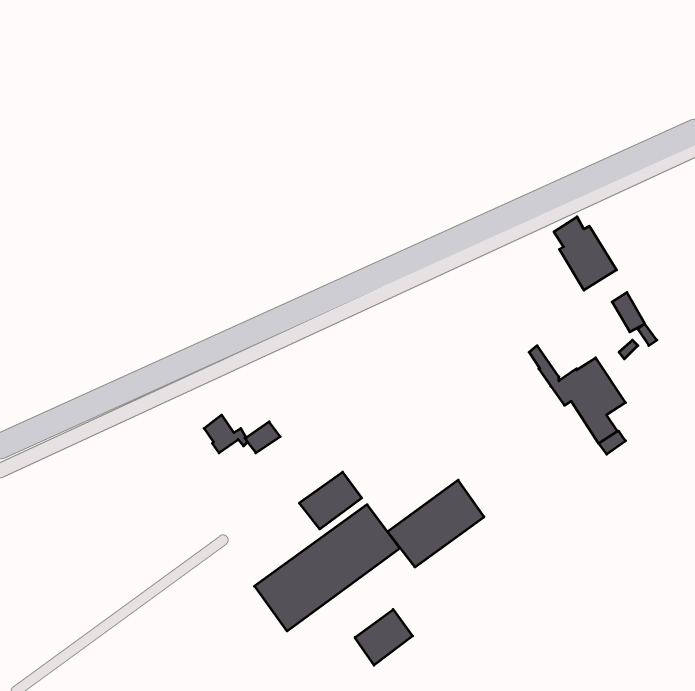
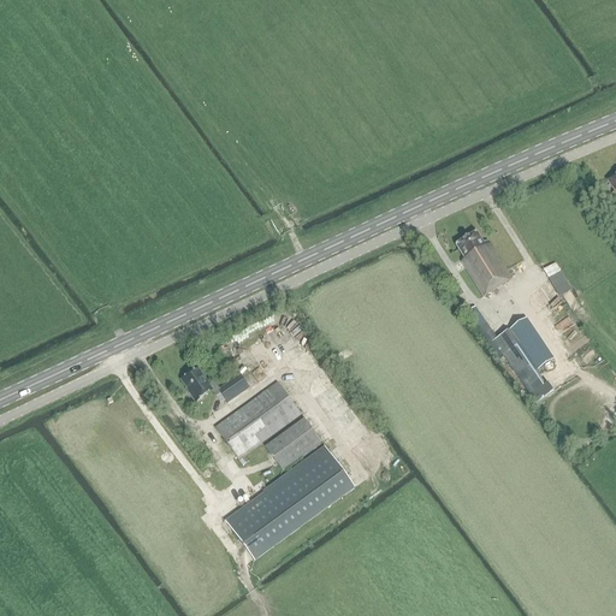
building: [554,217,617,290] -> [456,230,511,295]
building: [388,480,484,567] -> [214,380,300,457]
building: [355,609,413,665] -> none

